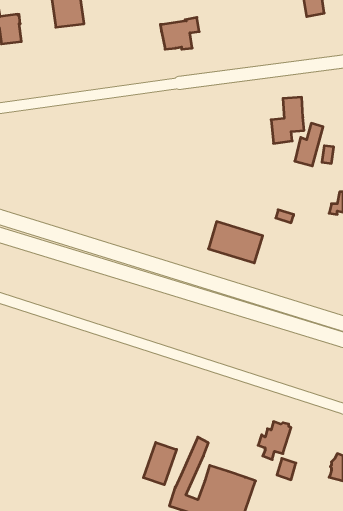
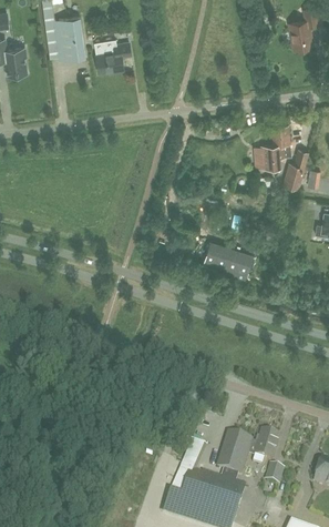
building: [160,17,199,49] -> [94,42,131,72]
building: none -> [216,433,251,474]
building: [143,442,177,485] -> none

